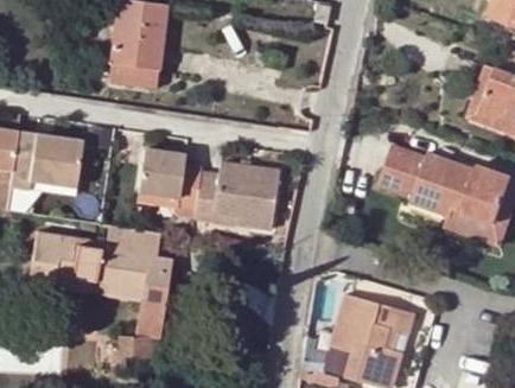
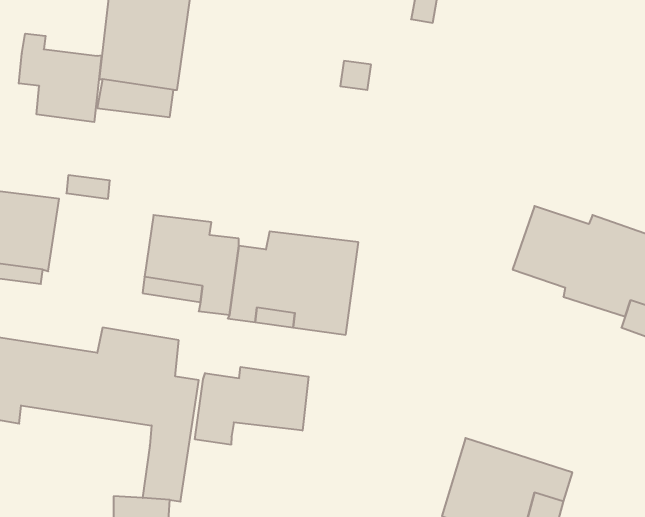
building: none -> [19,34,102,122]
building: none -> [195,367,309,445]

